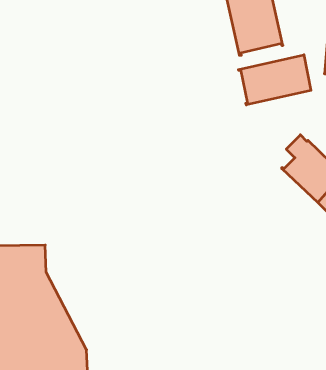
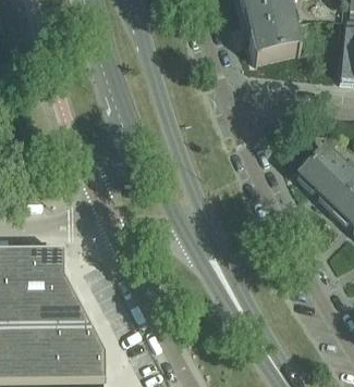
building: [238,55,311,105] -> none

